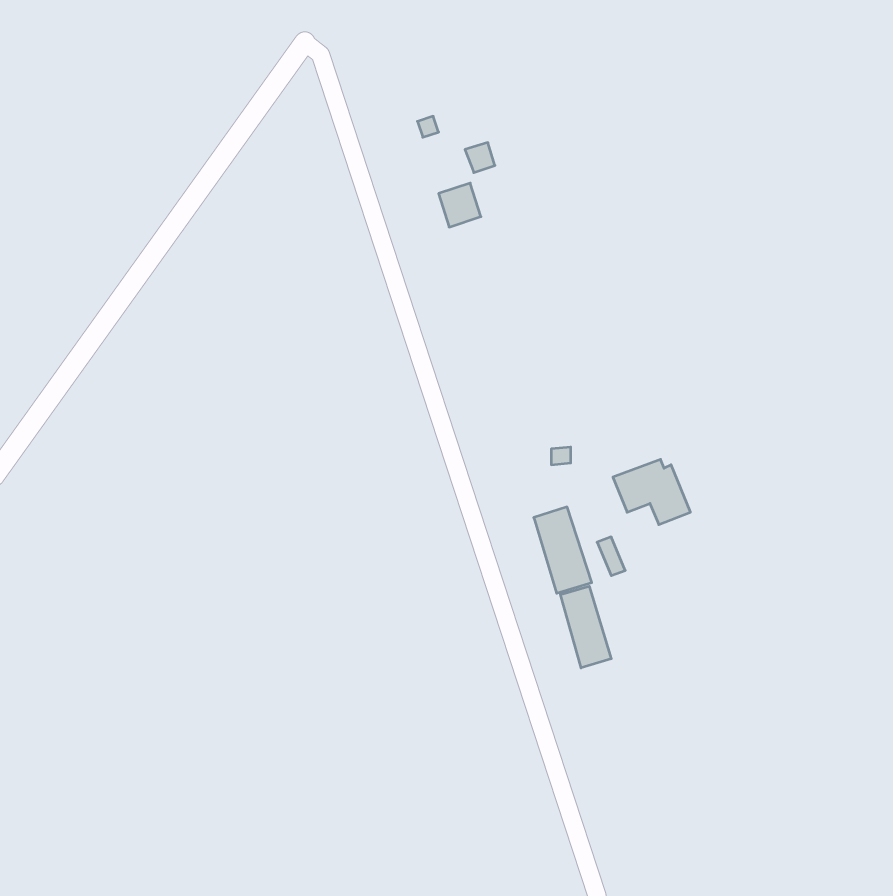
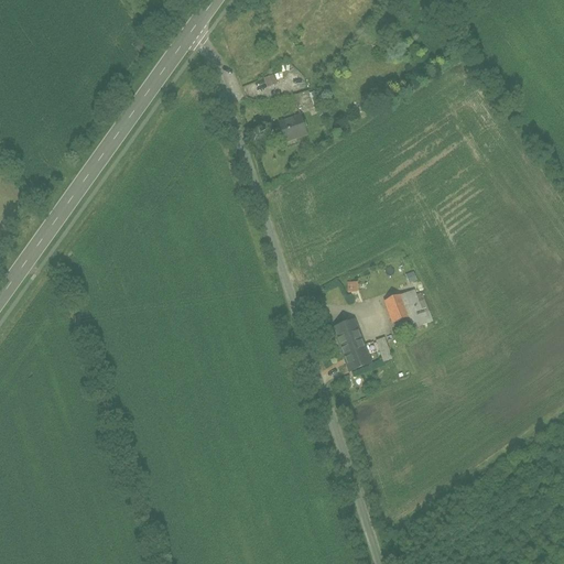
building: [560,586,611,668] -> none

